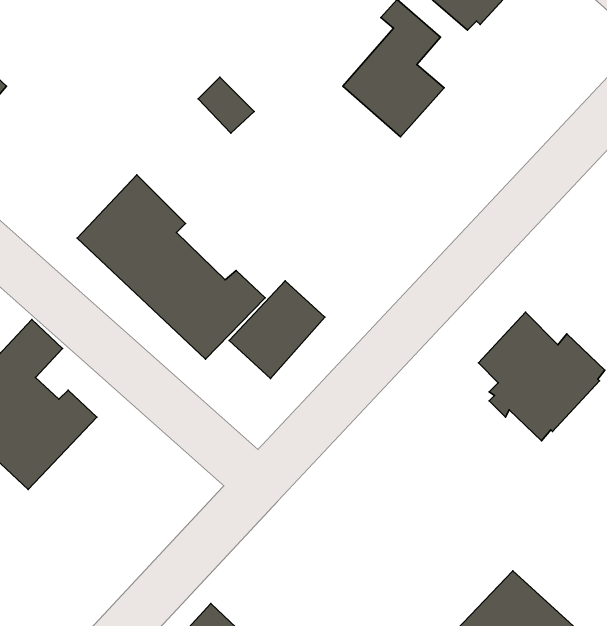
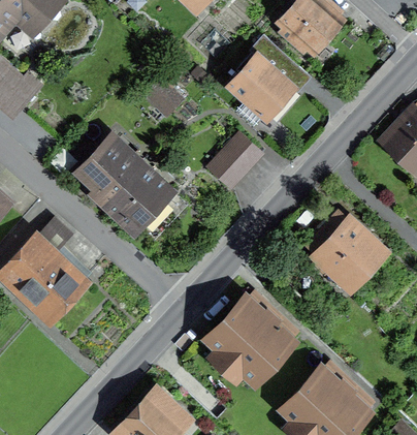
building: [229,281,325,379] -> [205,135,260,191]
building: none -> [207,293,297,382]

